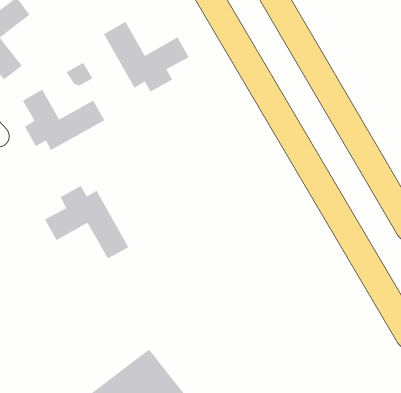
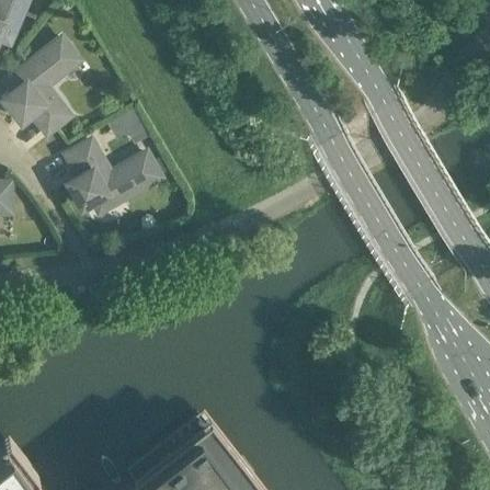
building: [103,21,190,93] -> none
building: [44,185,129,259] -> none

